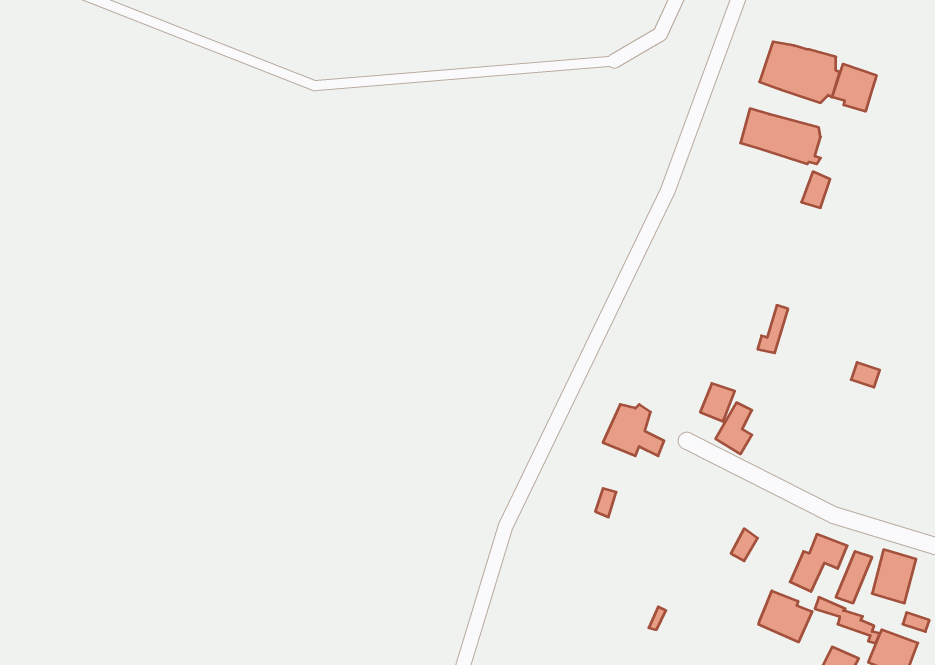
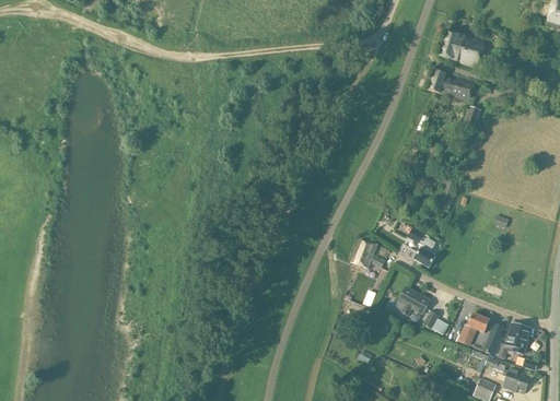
building: [832,64,876,111] -> none
building: none -> [399,287,431,316]
building: [759,591,812,642] -> none

